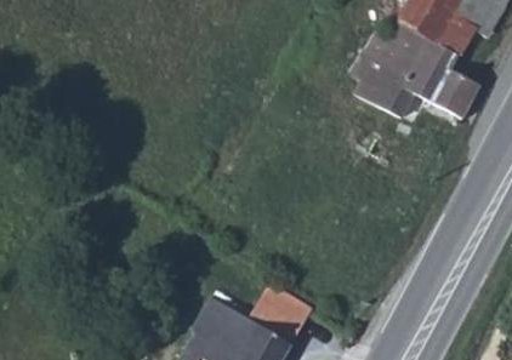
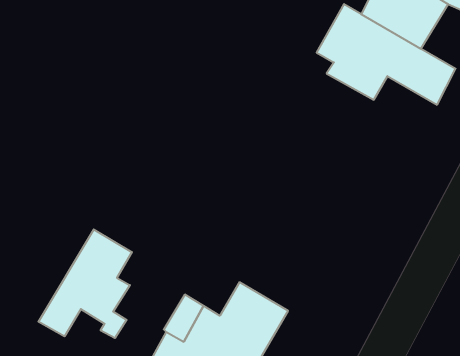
building: none -> [38,229,132,338]

